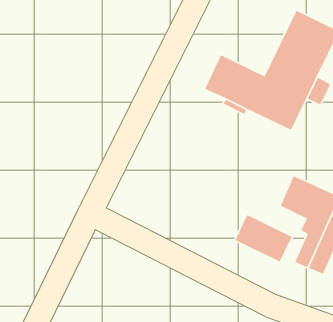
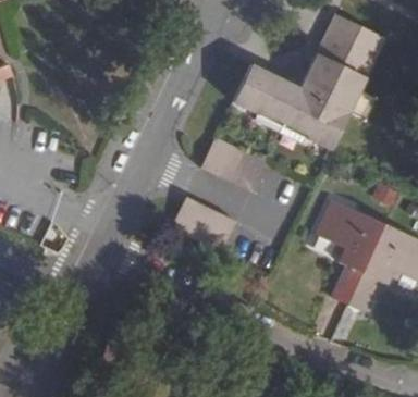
building: none -> [200,137,265,191]
building: [235,214,293,263] -> [171,197,236,251]

